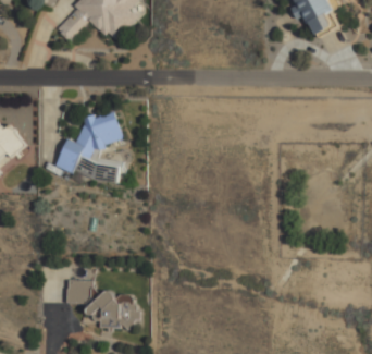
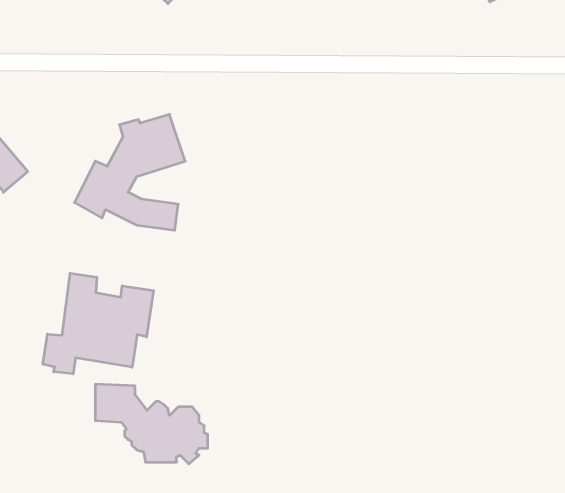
building: none -> [43,273,154,374]

